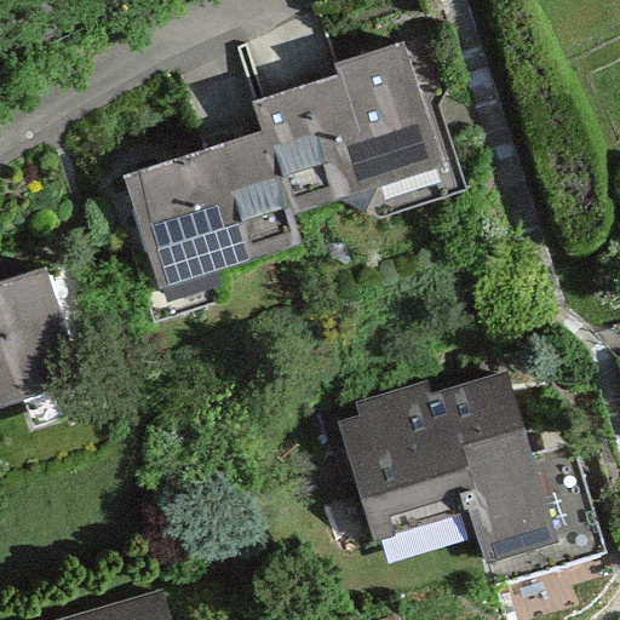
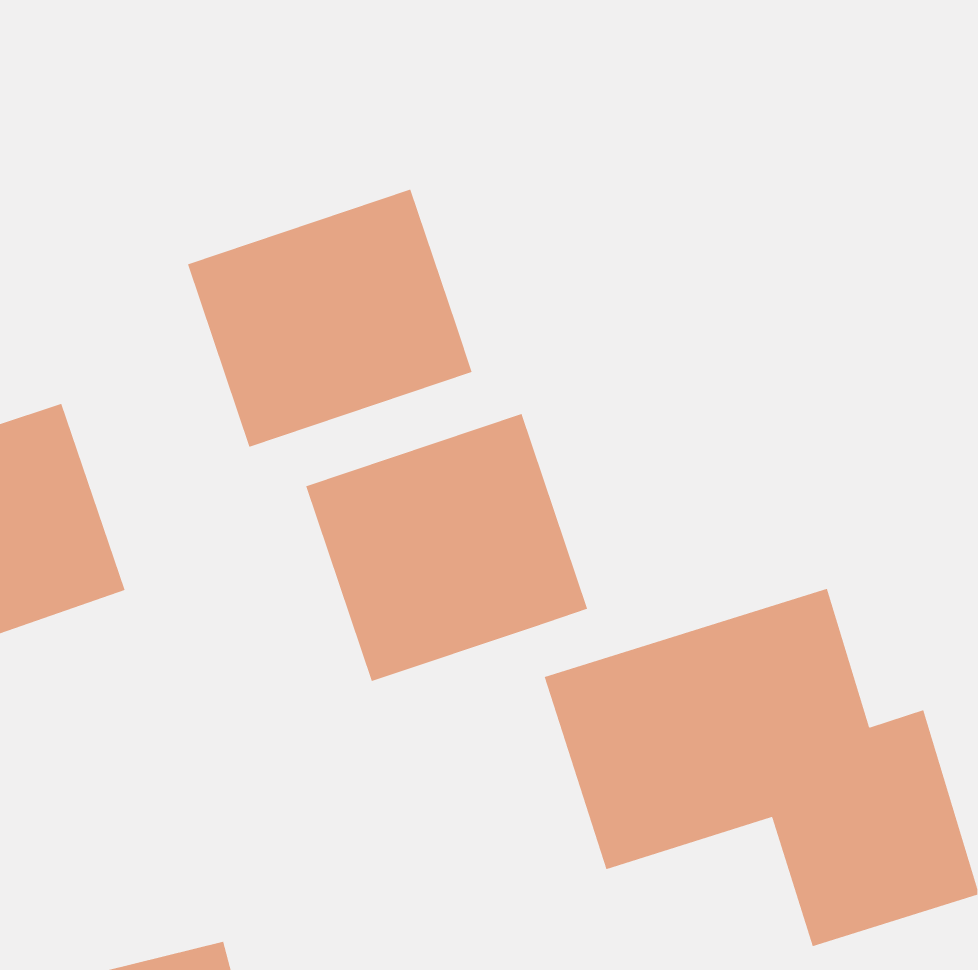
building: [248,50,441,214] -> none
building: none -> [305,413,588,682]

